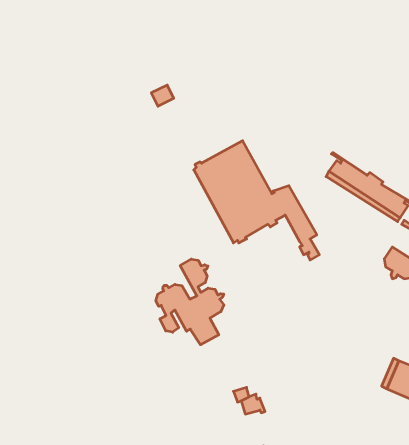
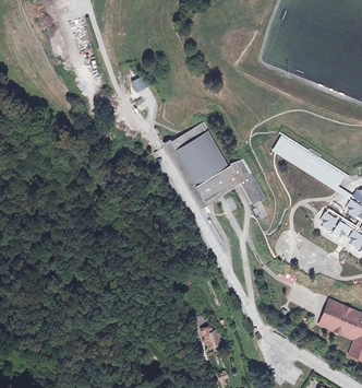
building: [156,259,224,345] -> none

